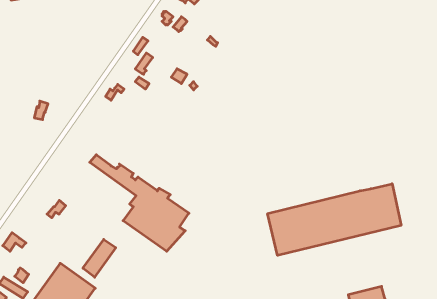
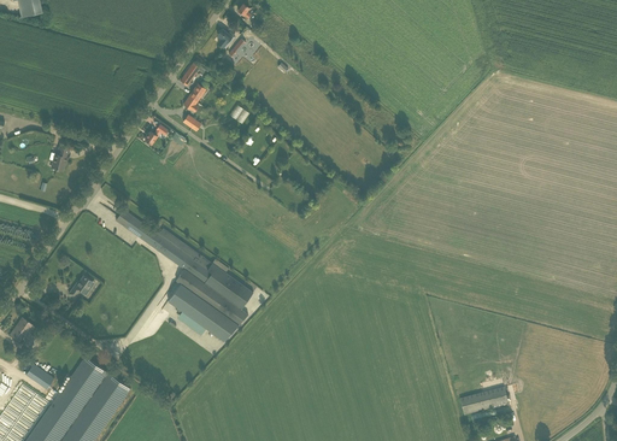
building: [268,184,401,255] -> none
building: [83,239,116,277] -> none

